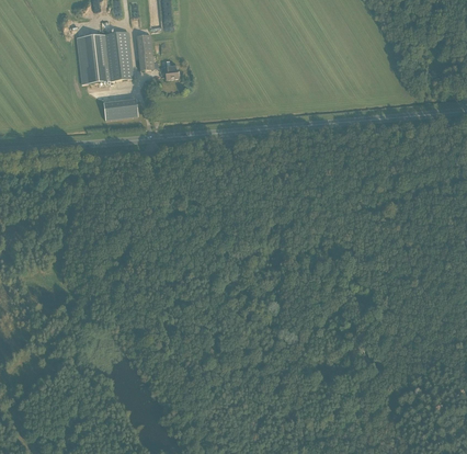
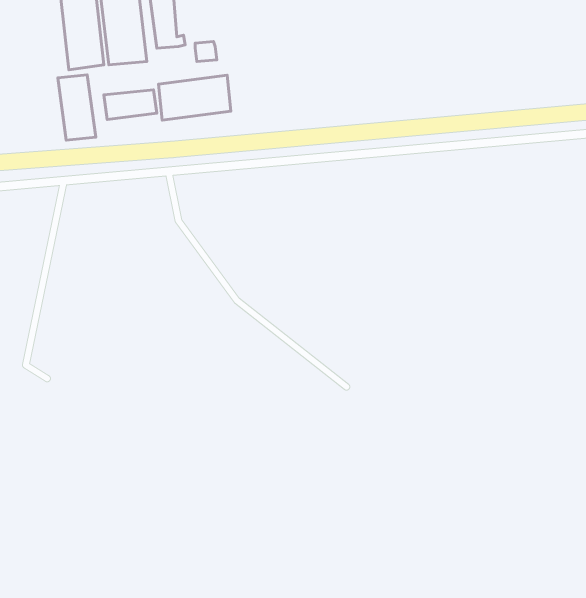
building: none -> [58,75,96,140]
building: none -> [158,75,231,120]

